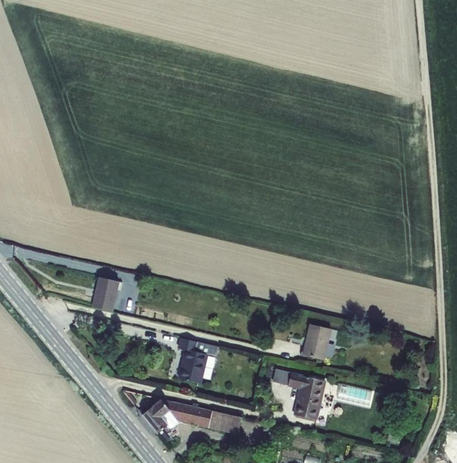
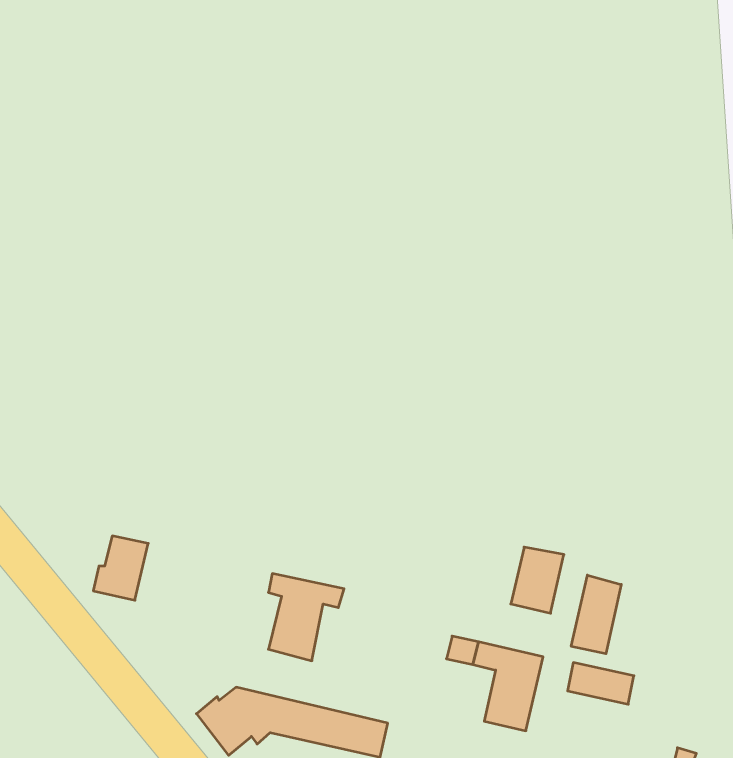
building: [94,275,123,309] -> [93,536,148,600]
building: none -> [571,575,621,654]

